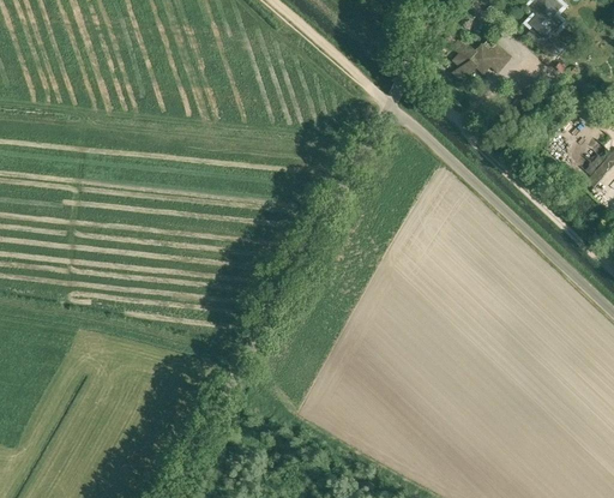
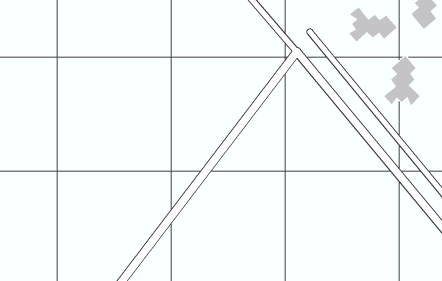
building: none -> [384,55,421,106]

